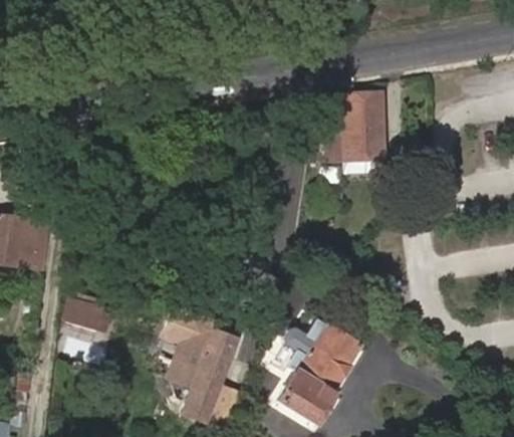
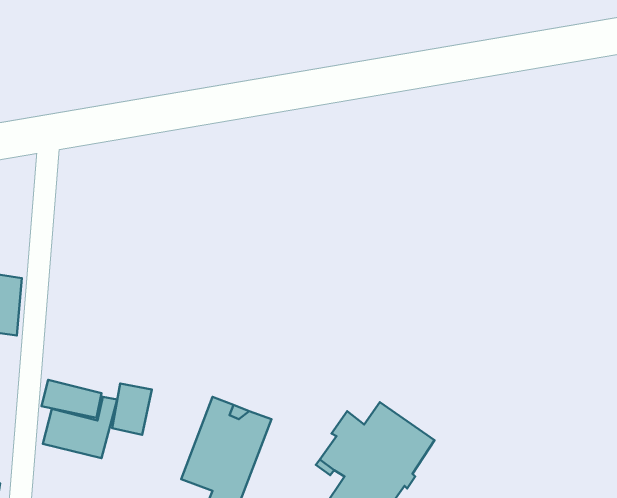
building: [325,93,382,175] -> none
building: none -> [112,383,152,435]

